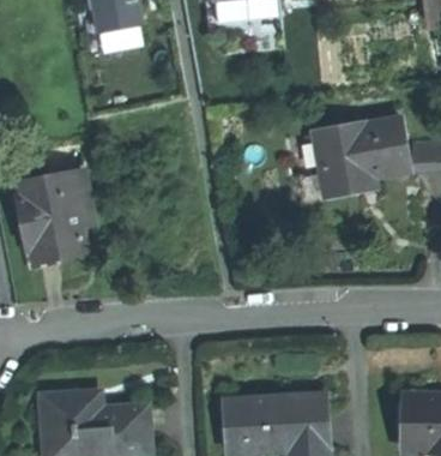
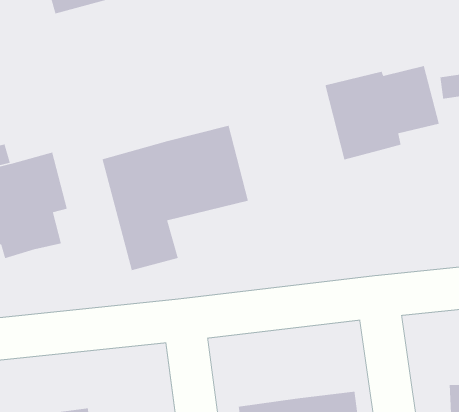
building: none -> [102,125,249,271]

